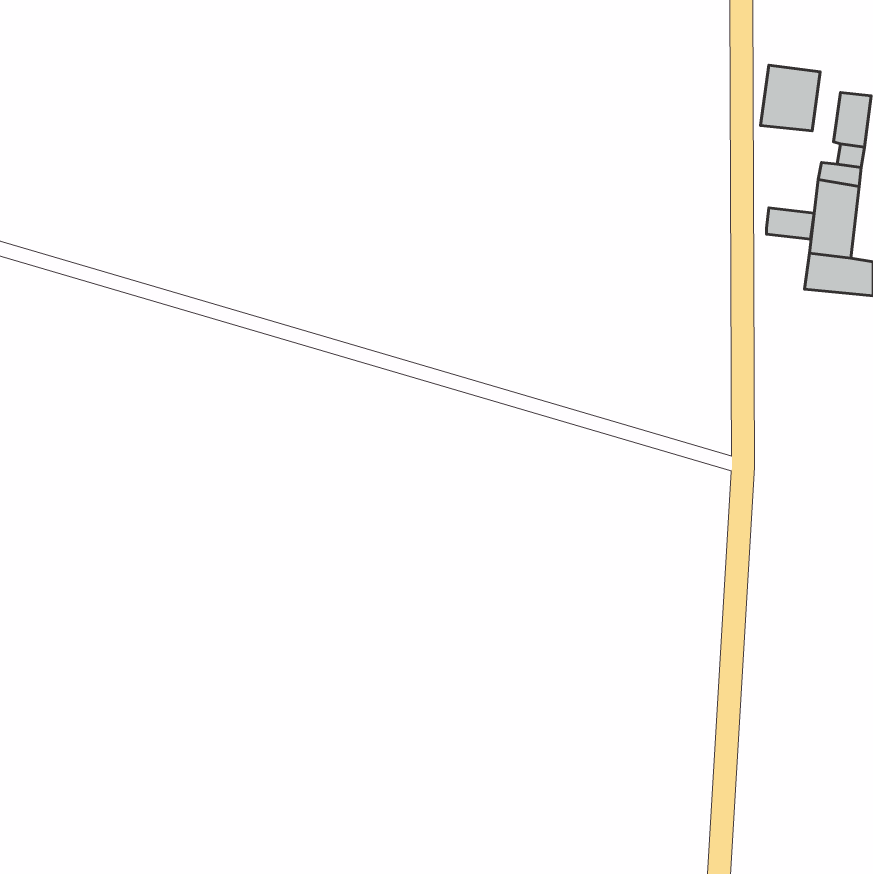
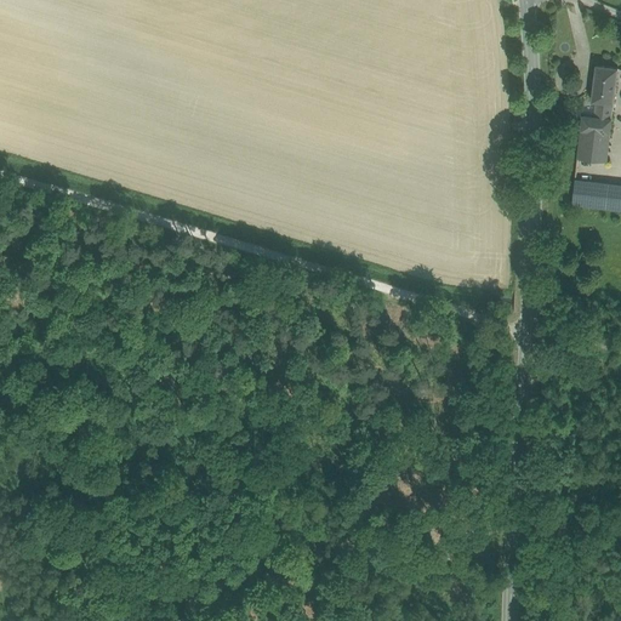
building: [761,65,820,131] -> none
building: [767,208,814,239] -> none

